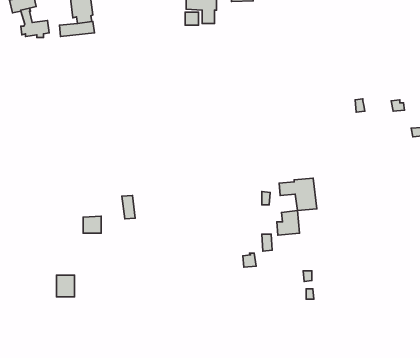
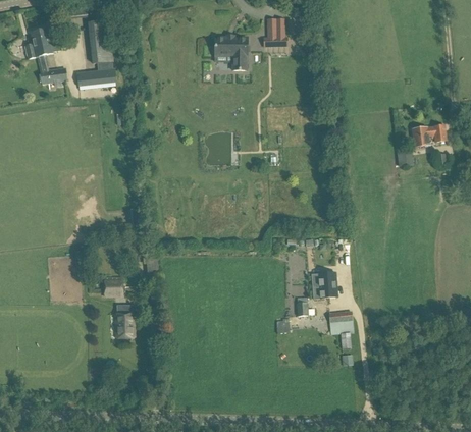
building: none -> [411,123,446,146]
building: [279,178,317,210] -> none
building: none -> [328,310,353,334]
building: [56,275,74,297] -> [114,313,134,336]

